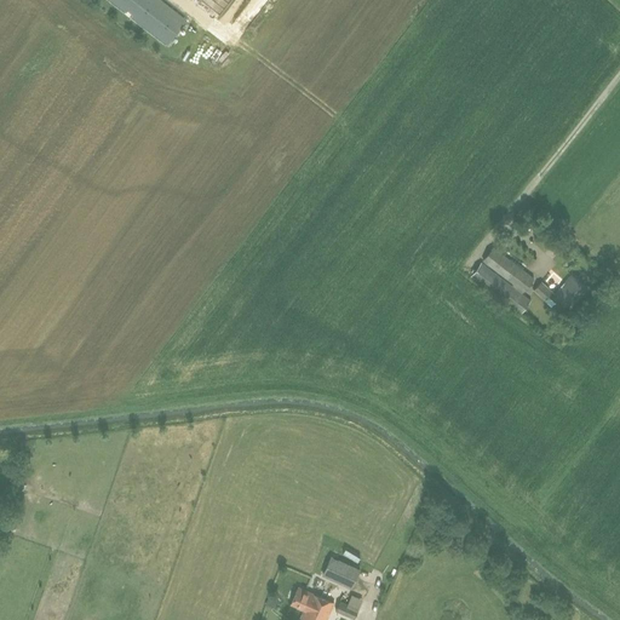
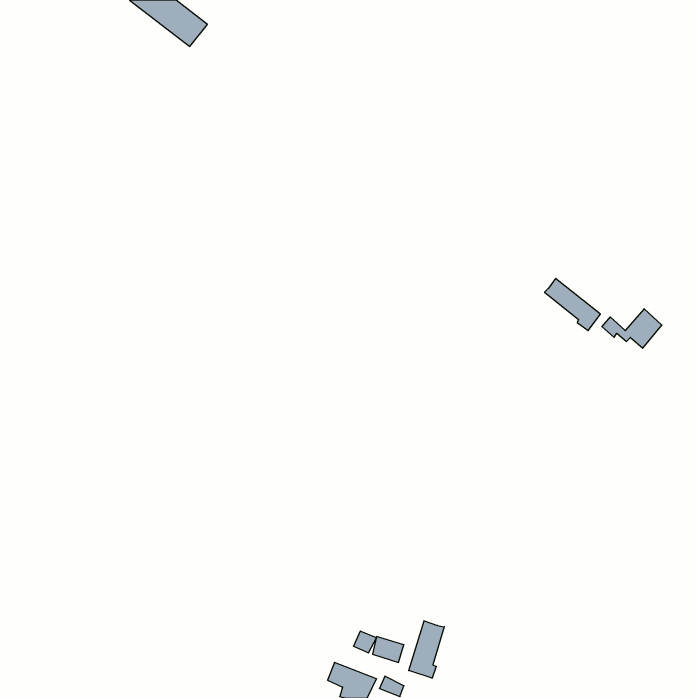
building: [472,262,532,314] -> none
building: none -> [409,621,444,678]

